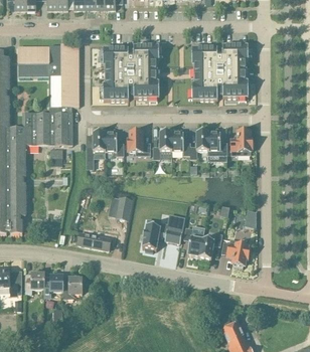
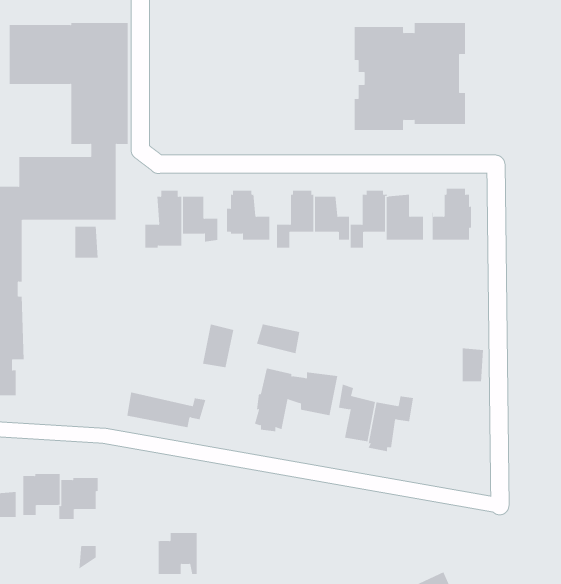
building: [103,45,159,100] -> none
building: [228,239,250,268] -> none
building: [62,278,83,299] -> [158,533,198,574]

